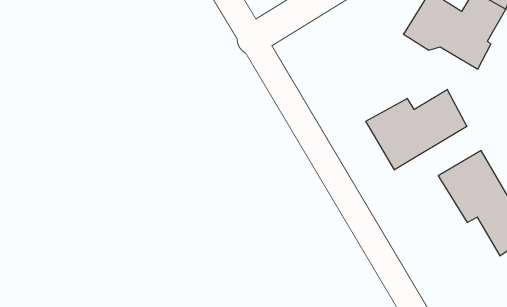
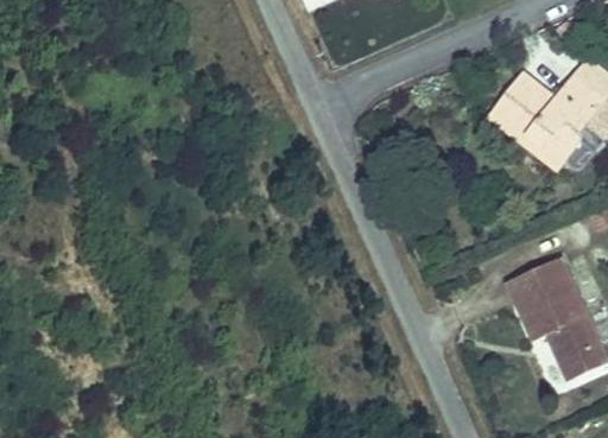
building: [366,89,467,170] -> none

